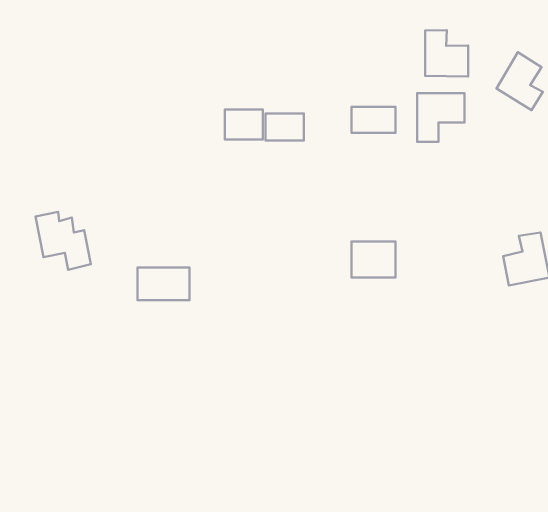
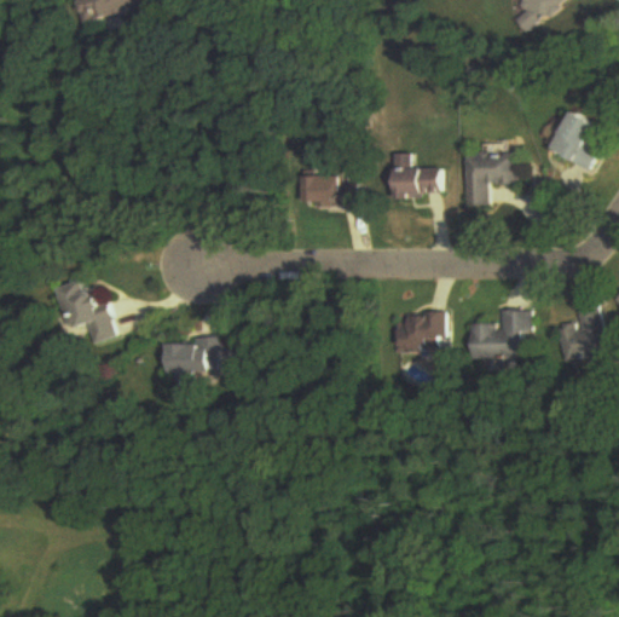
building: [425,30,468,76] -> none
building: [225,110,263,140] -> none
building: none -> [467,308,528,357]

